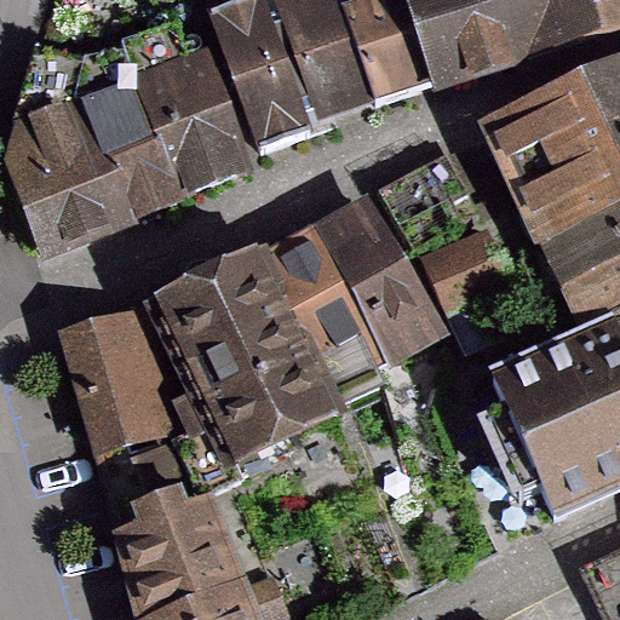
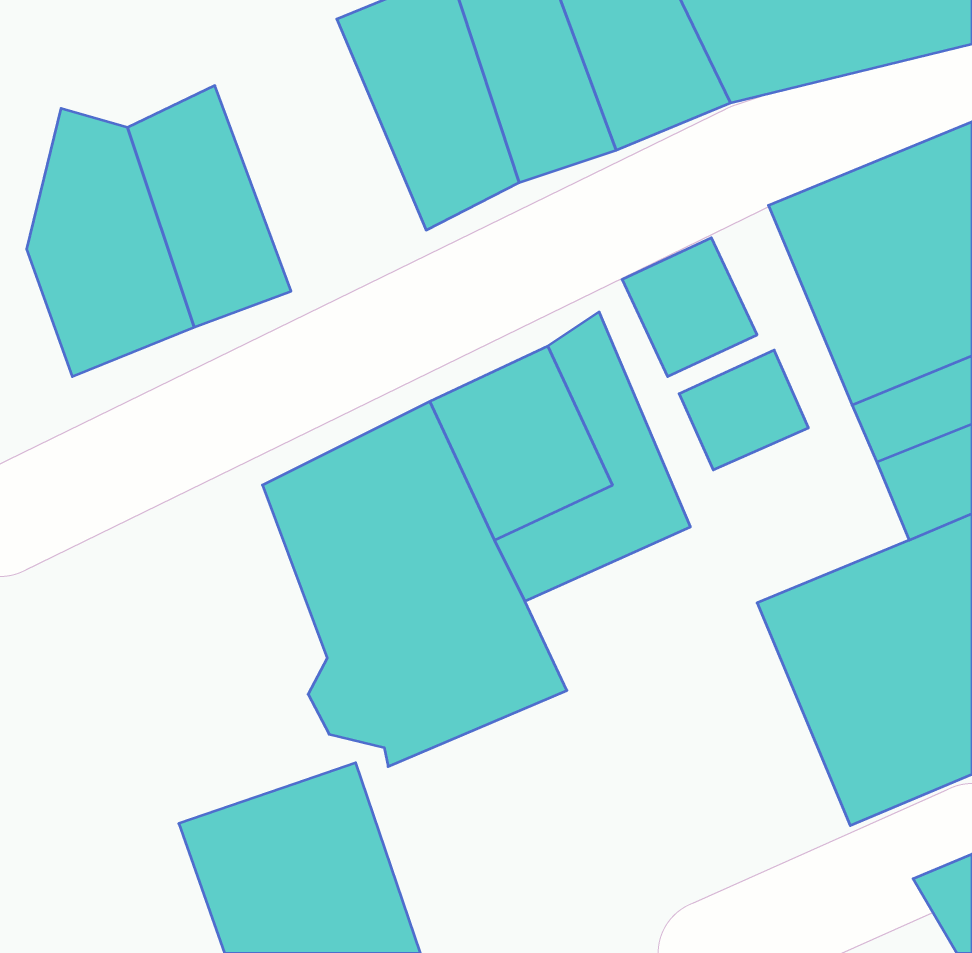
building: [137,38,236,185] -> none
building: [52,315,188,524] -> none

